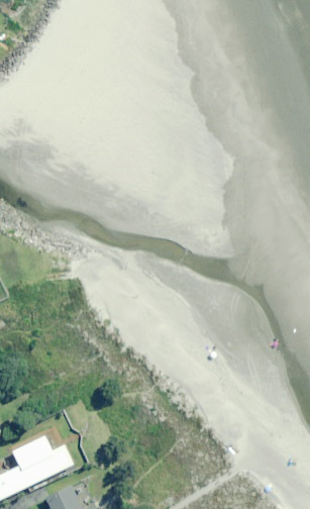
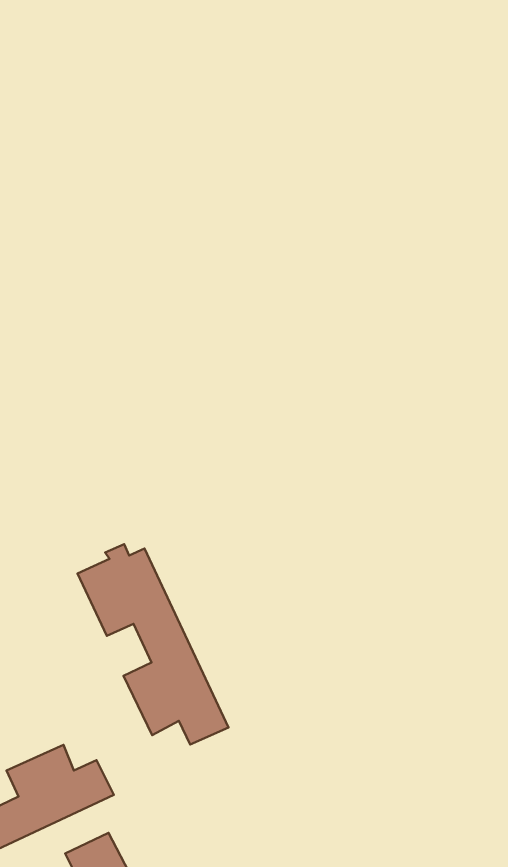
building: none -> [78,544,228,744]

